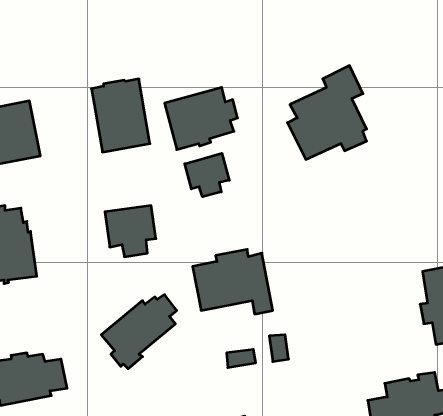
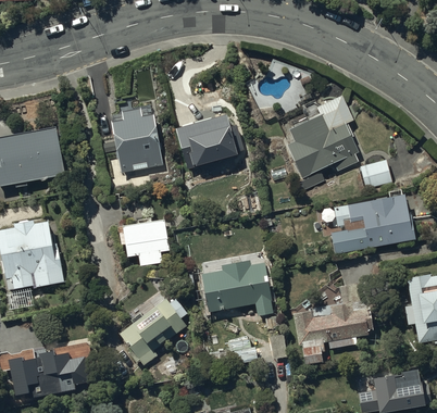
building: none -> [360,161,391,190]
building: [185,153,229,197] -> none
building: none -> [330,195,414,254]
building: none -> [294,284,374,365]

